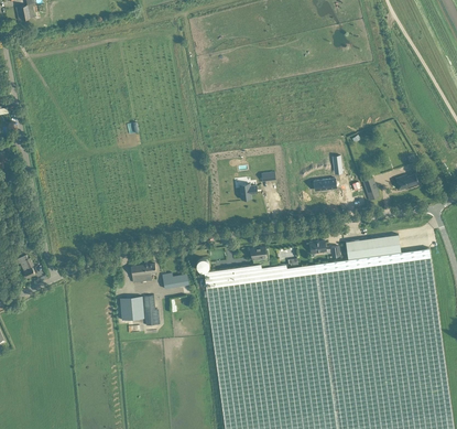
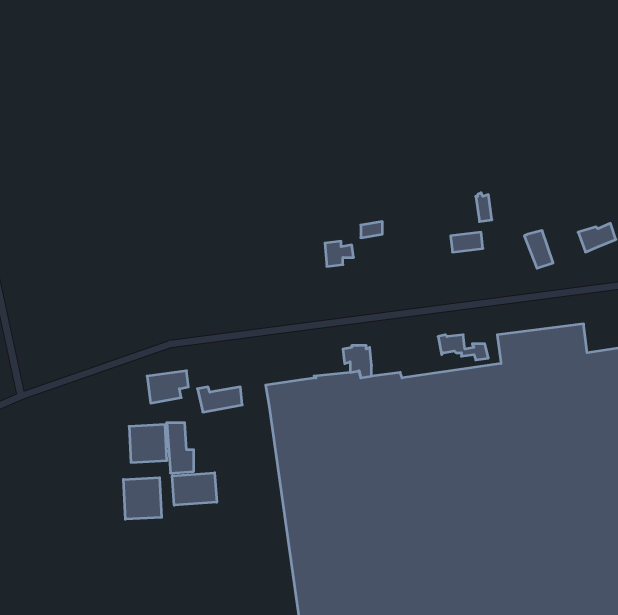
building: none -> [172,473,217,505]
building: none -> [123,478,162,519]

